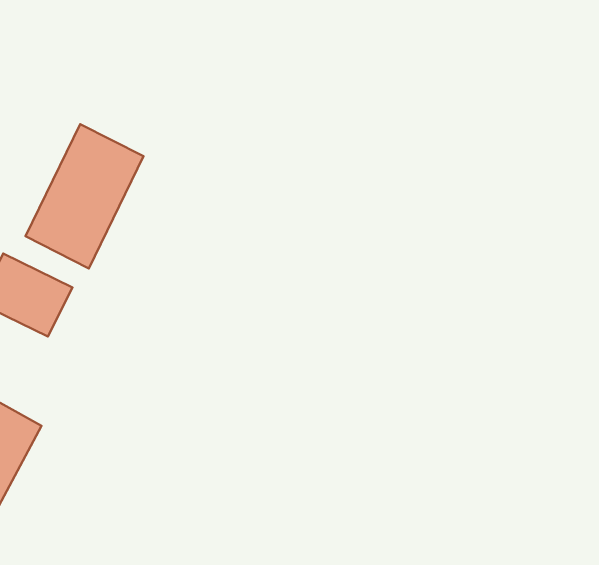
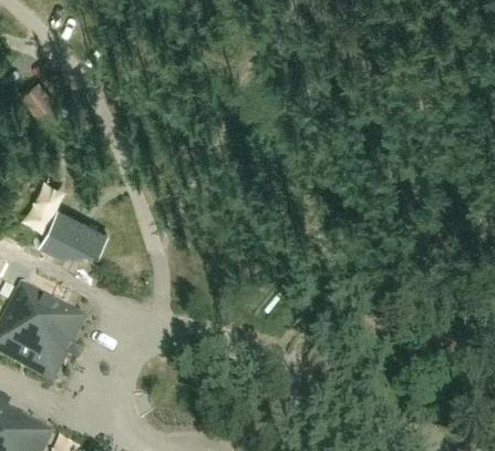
building: [25,124,143,268] -> none

